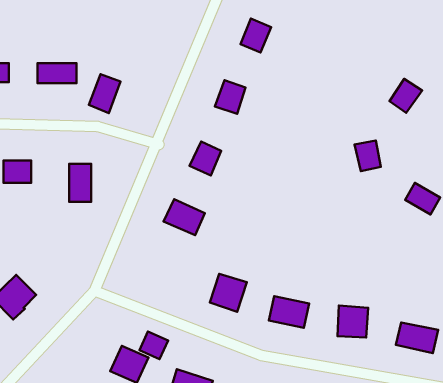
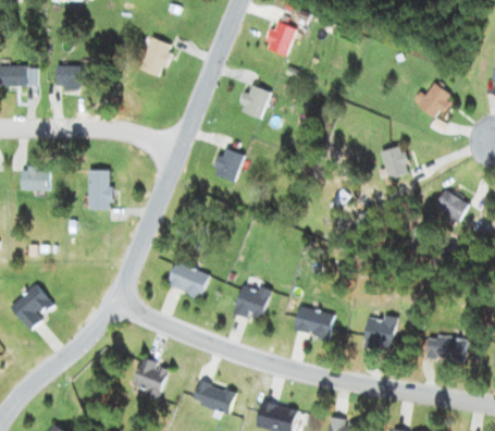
building: [89,74,121,113] -> [139,37,172,77]
building: [164,199,205,235] -> [166,261,209,298]
building: [139,332,168,359] -> none

